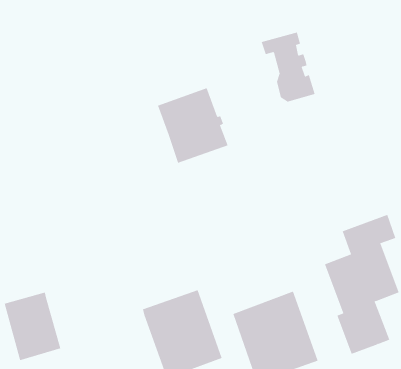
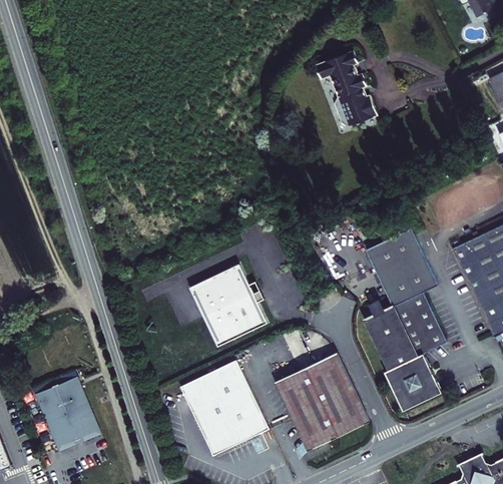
building: [261,32,315,102] -> [316,52,378,126]
building: [157,87,229,164] -> [188,264,267,346]
building: none -> [364,228,426,285]

